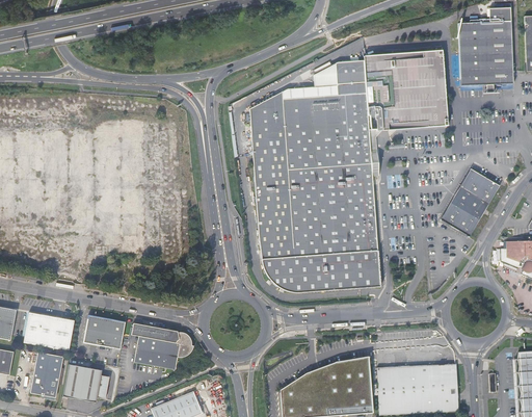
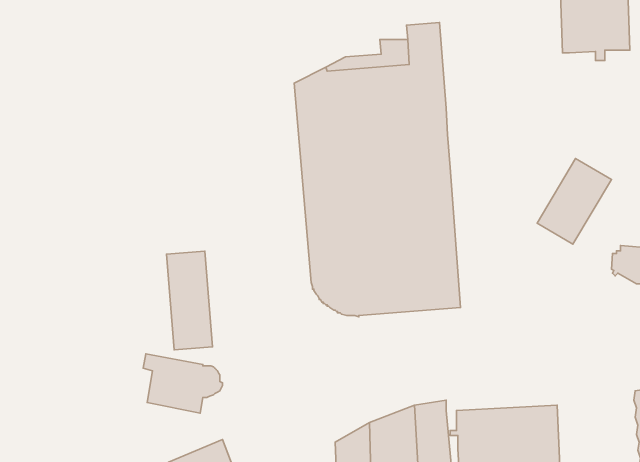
building: [364,51,447,130] -> none
building: none -> [166,251,213,350]
building: [23,312,74,349] -> none
building: [83,314,126,348] -> none
building: [30,351,63,397] -> none
building: [62,364,109,401] -> none

